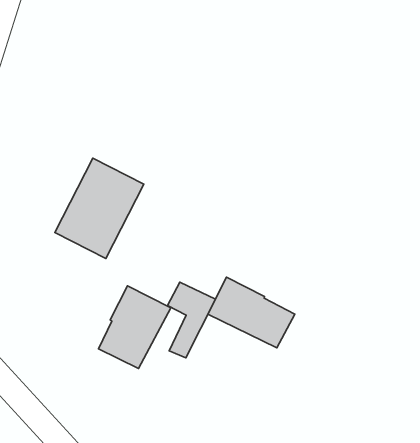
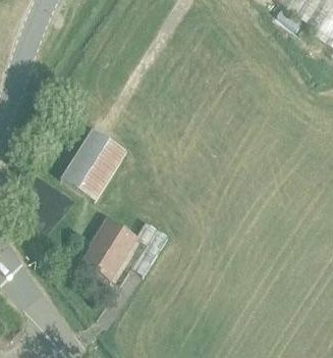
building: [208,277,295,348] -> none

